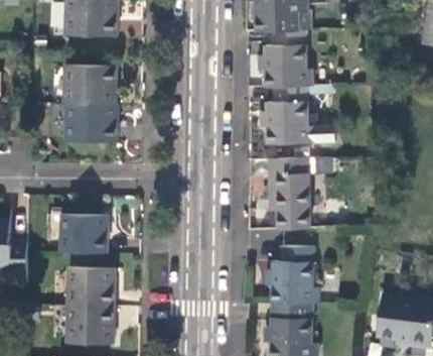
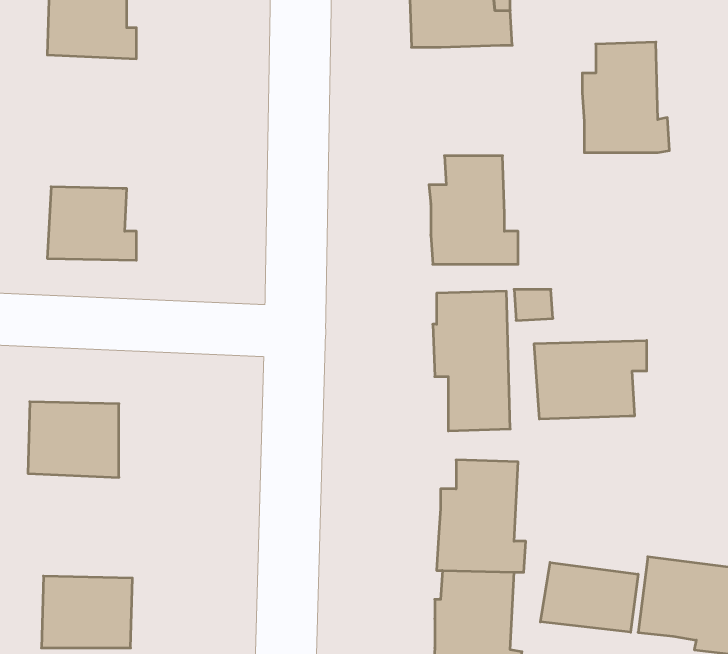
building: [266,29,311,87] -> [582,42,669,153]
building: [66,65,114,104] -> none
building: none -> [534,340,647,419]
building: [66,268,113,307] -> none
building: none -> [540,562,638,632]

